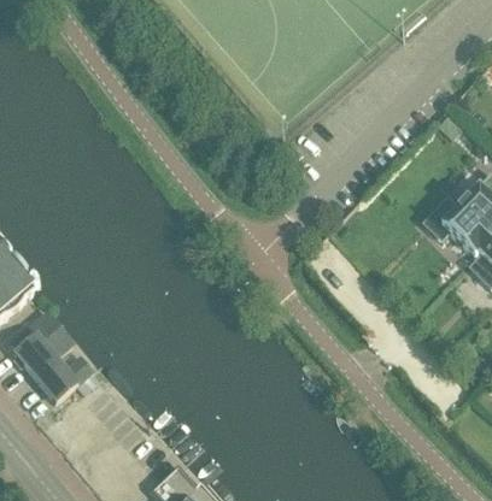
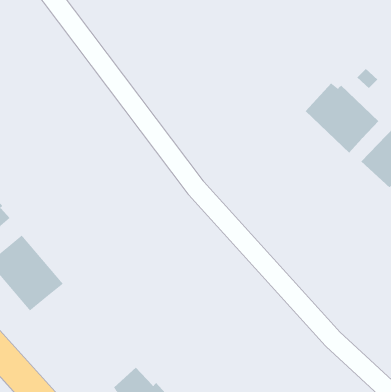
building: none -> [305,83,379,154]

